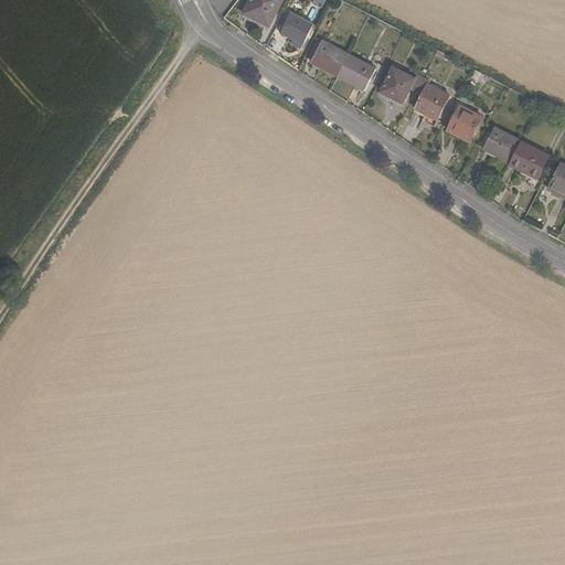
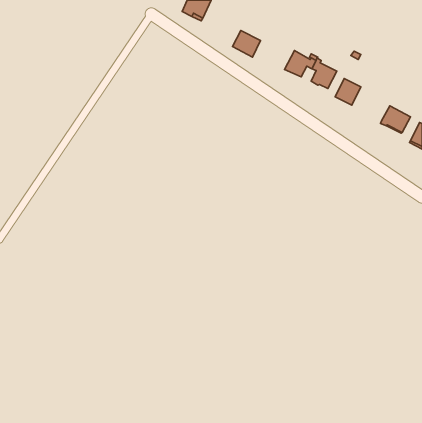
building: [280,12,313,44] -> none
building: [337,54,375,89] -> none
building: [482,127,520,161] -> none

